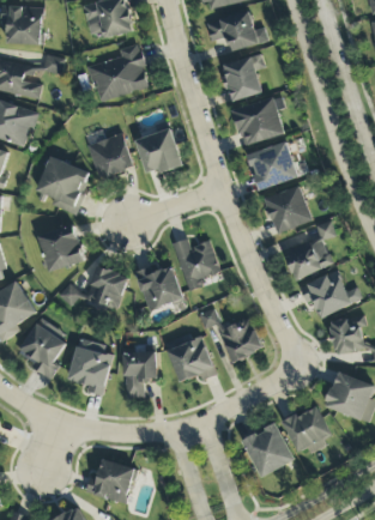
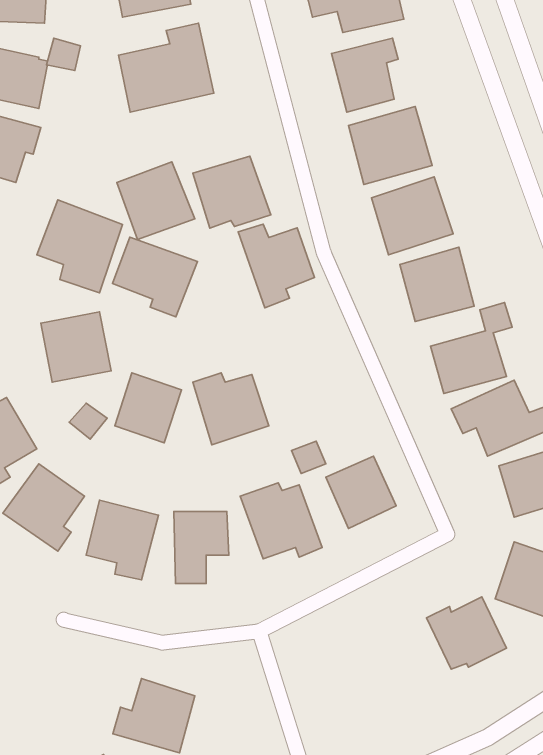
building: none -> [112,237,197,317]
building: [171,238,219,291] -> [238,224,314,308]
building: [241,422,295,477] -> none

